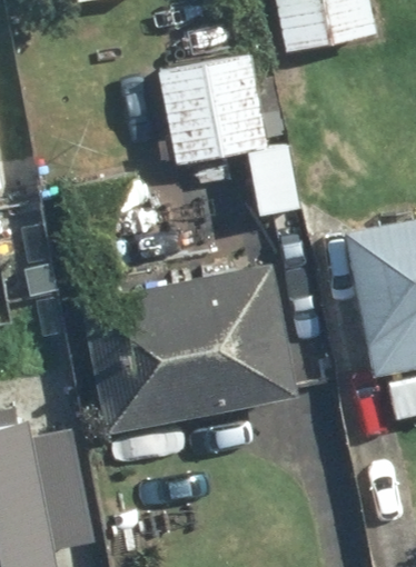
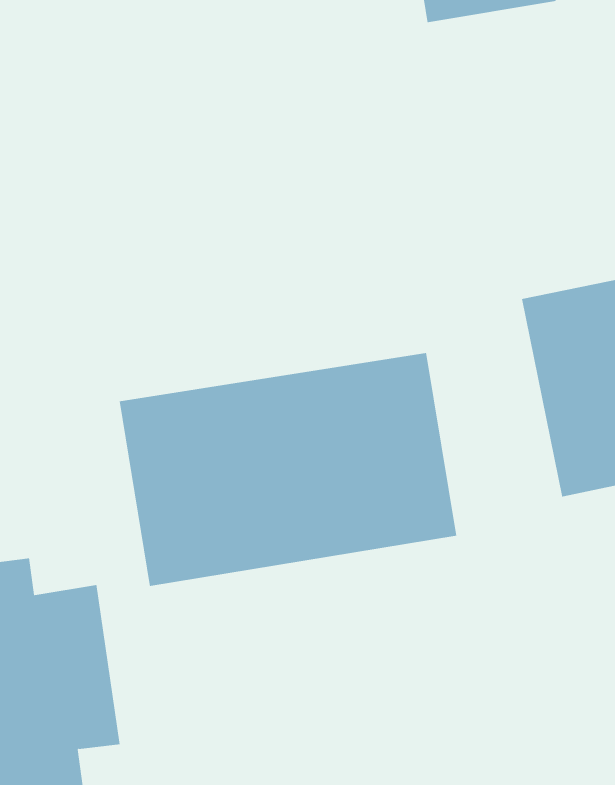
building: [162,58,270,163] -> none

